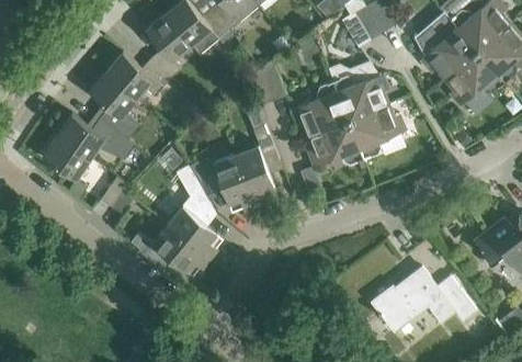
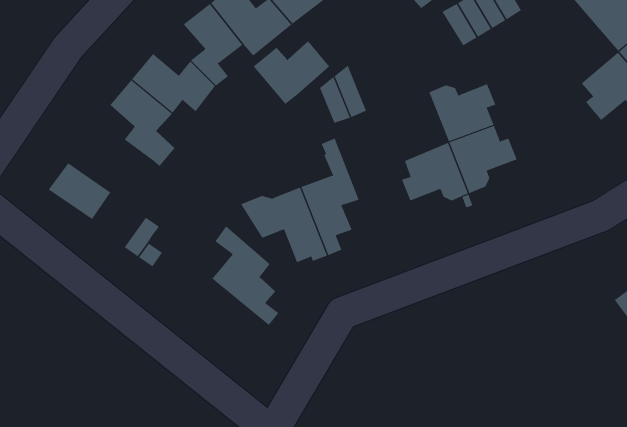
building: [424,18,478,73] -> none
building: none -> [253,41,330,105]
building: [297,80,349,133] -> none
building: [58,113,123,157] -> none
building: [132,223,212,270] -> none
building: [372,267,477,330] -> none

